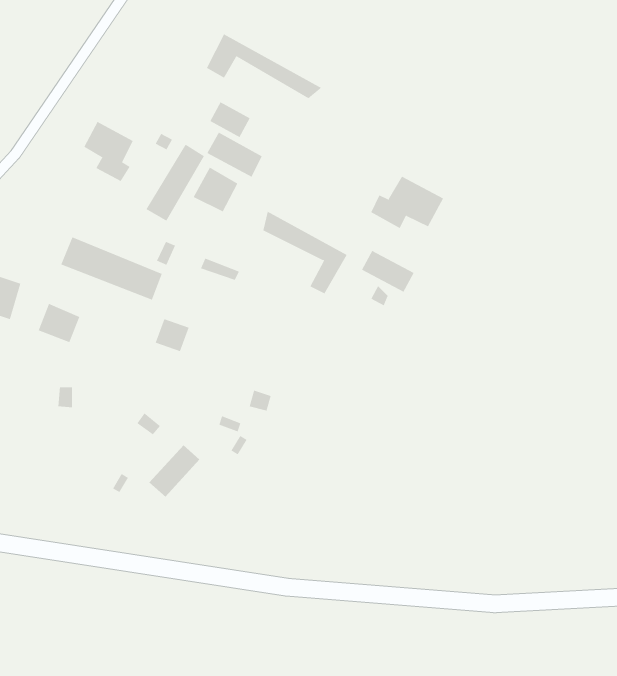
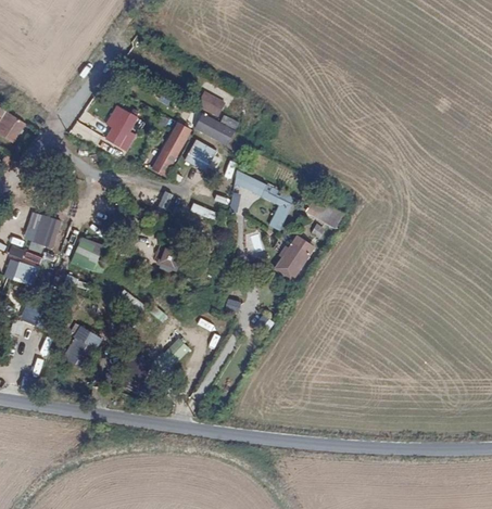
building: [206,34,322,99] -> none
building: [370,176,444,229] -> none
building: [60,237,163,300] -> none
building: none -> [273,236,315,282]
building: none -> [63,326,104,371]

